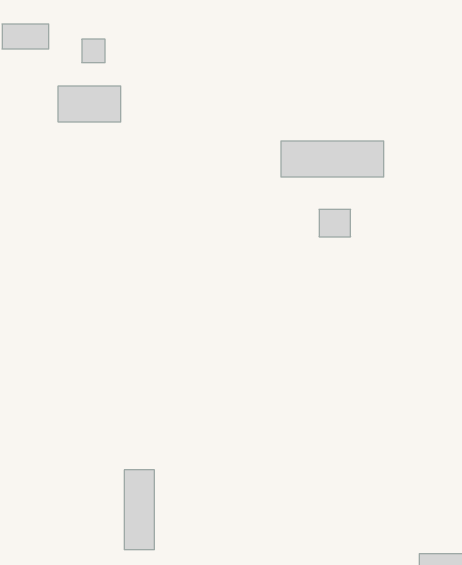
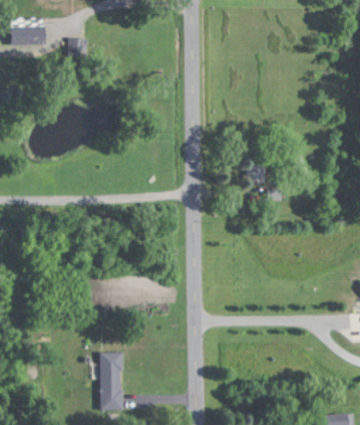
building: [58,86,121,122] -> none
building: [281,141,384,177] -> none

